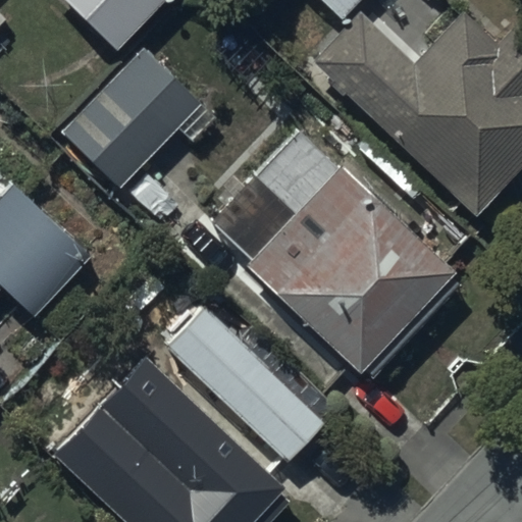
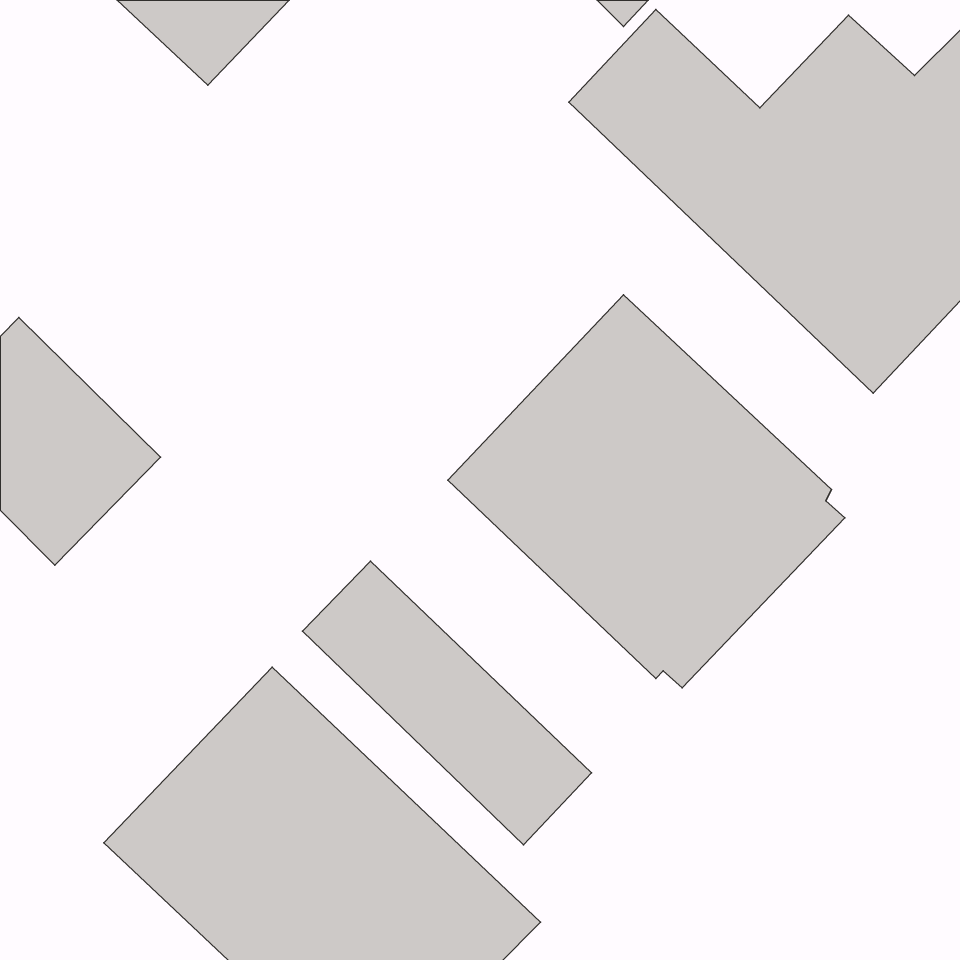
building: [57,46,214,189] -> none

